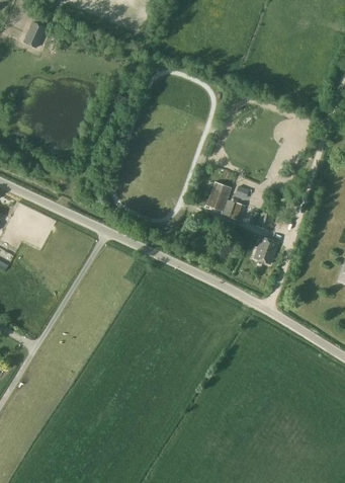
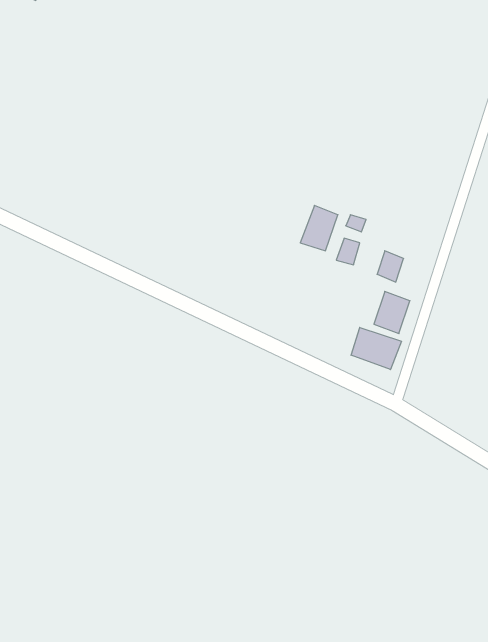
building: none -> [351,327,402,370]

